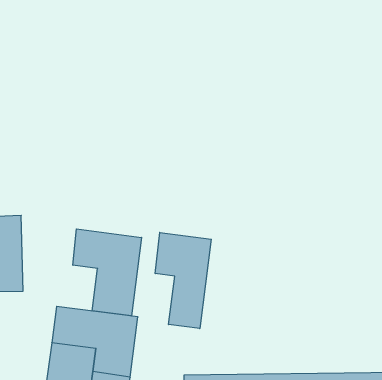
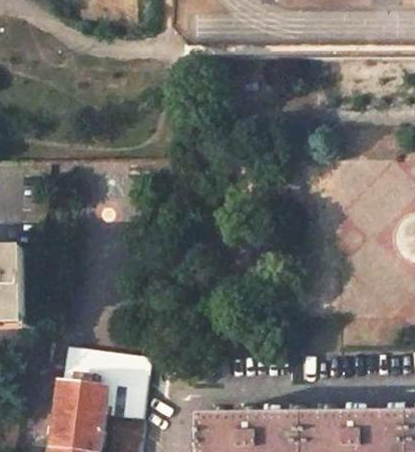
building: [73,229,142,316] -> none
building: [155,232,211,329] -> none

